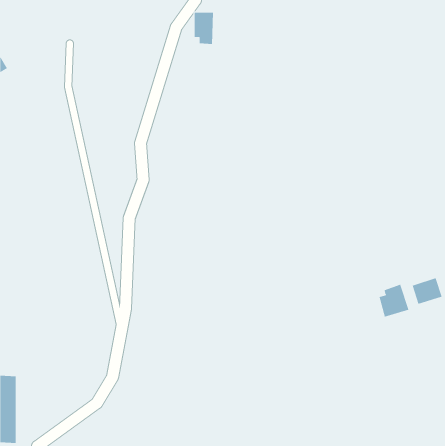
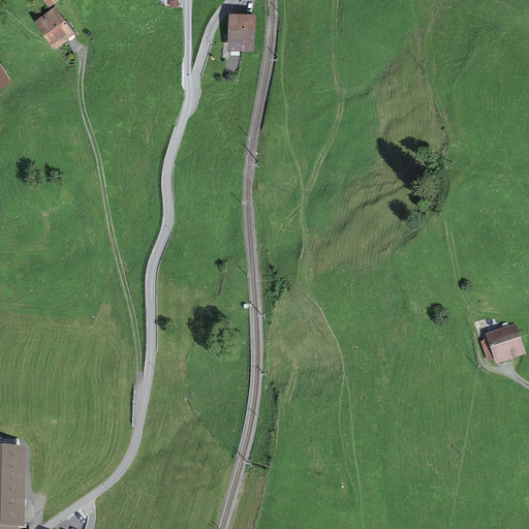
building: none -> [34,7,72,46]
building: [379,284,409,317] -> none

